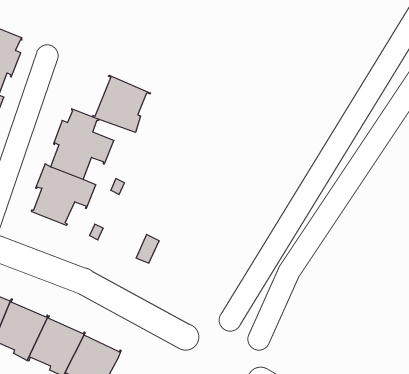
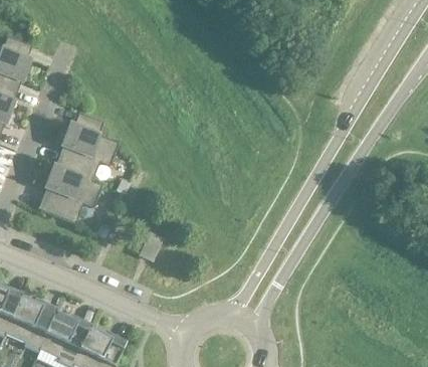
building: [93,75,151,132] -> none

